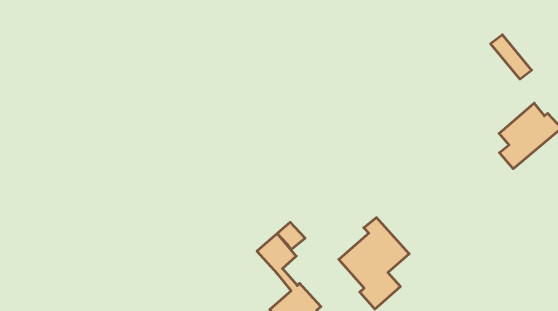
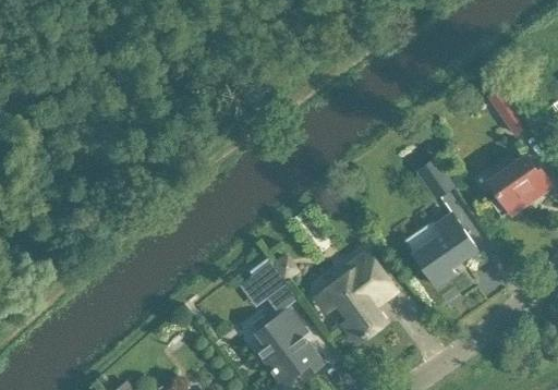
building: none -> [417,159,452,197]
building: none -> [413,214,476,285]

